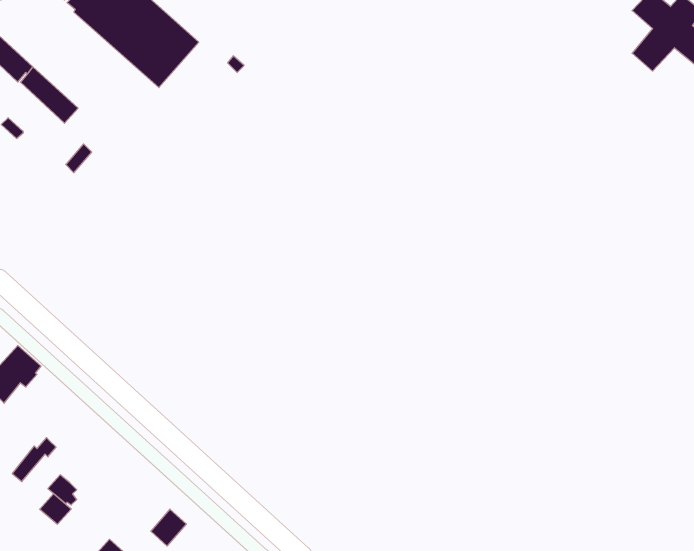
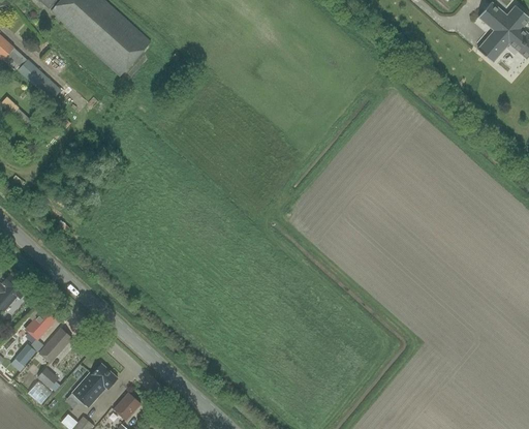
building: none -> [26,308,57,340]
building: none -> [39,329,73,363]
building: none -> [72,363,117,406]

